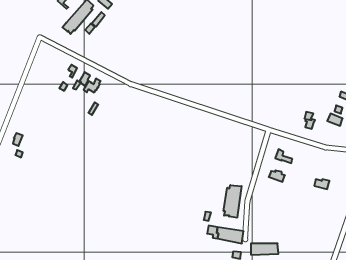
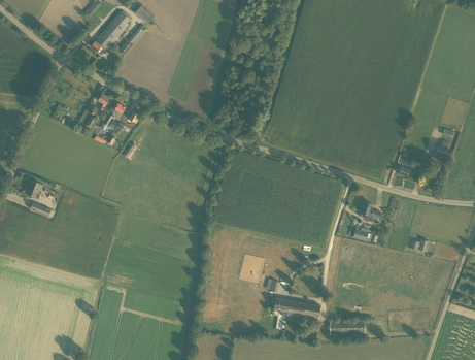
building: [224,185,242,218] -> none

